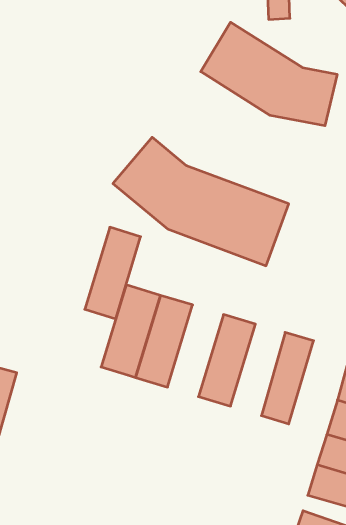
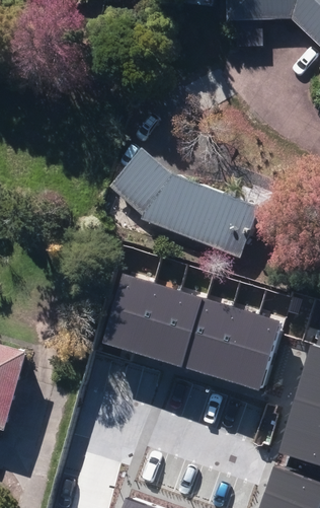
building: [201,22,337,126] -> none
building: [85,227,141,319] -> [157,291,205,369]
building: none -> [211,307,257,385]

